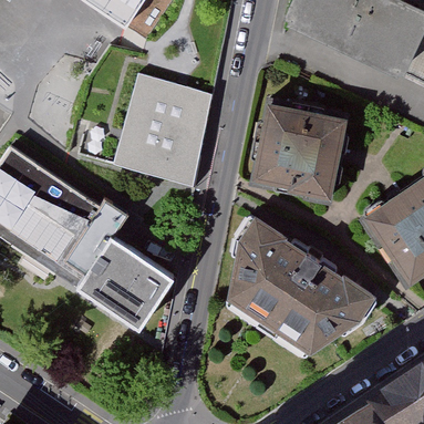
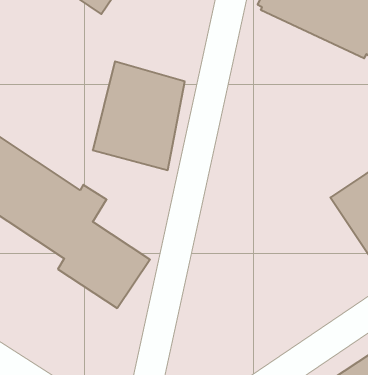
building: [260,105,348,194] -> none
building: [232,219,375,351] -> none

